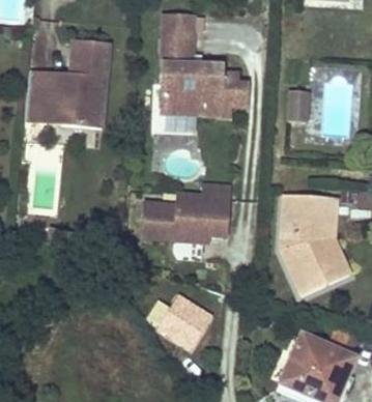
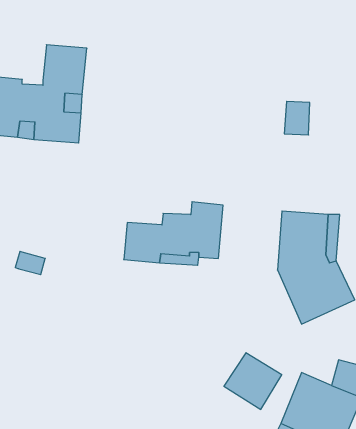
building: [161,29,249,112] -> none
building: [160,295,211,346] -> [224,353,282,409]

